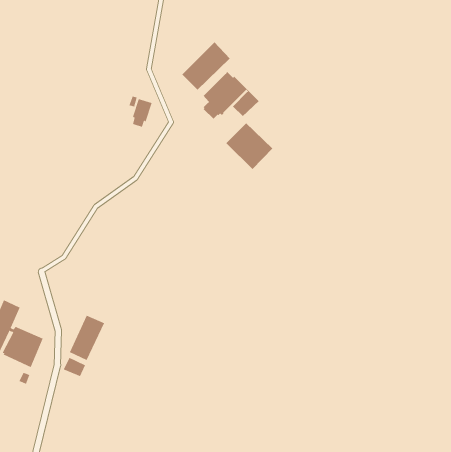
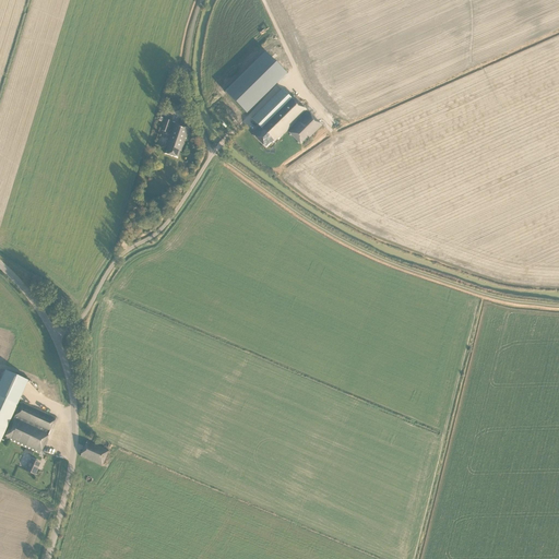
building: [226,122,273,170] -> none
building: [69,315,105,361] -> none

